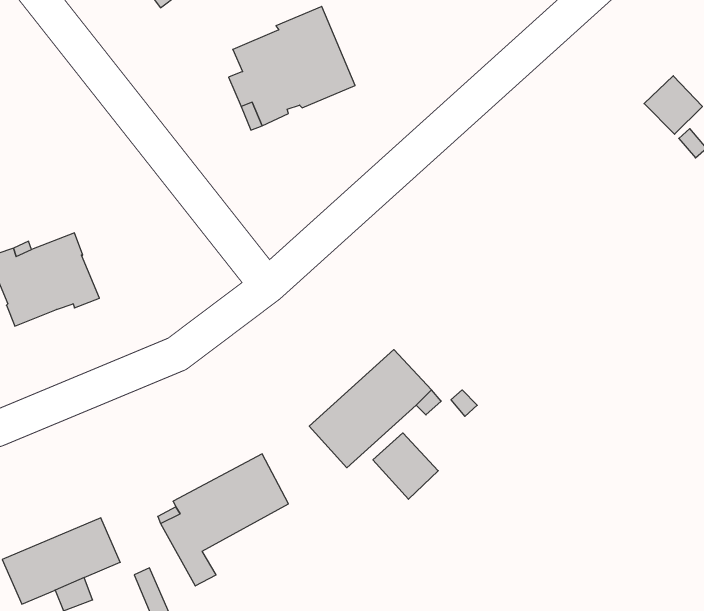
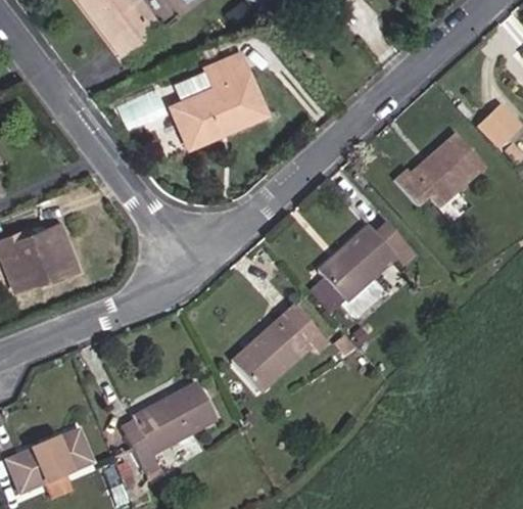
building: none -> [394,130,483,206]
building: none -> [315,223,415,320]
building: [373,433,438,499] -> none

